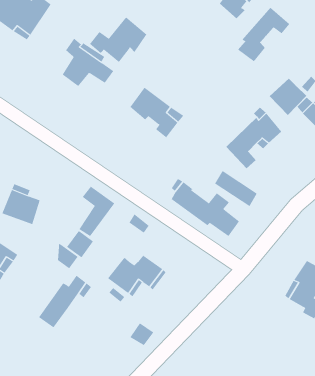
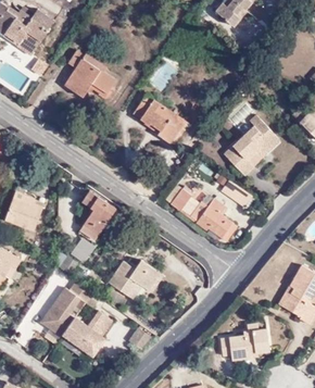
building: [237,7,290,62] -> none
building: [89,16,147,63] -> none
building: [269,78,307,116] -> none
building: none -> [55,310,113,355]
building: none -> [220,321,270,359]

